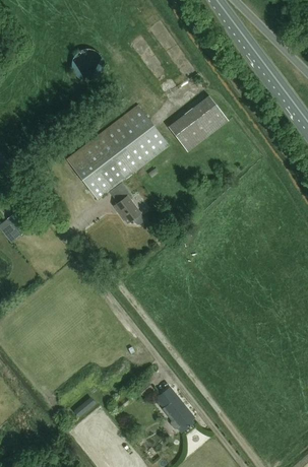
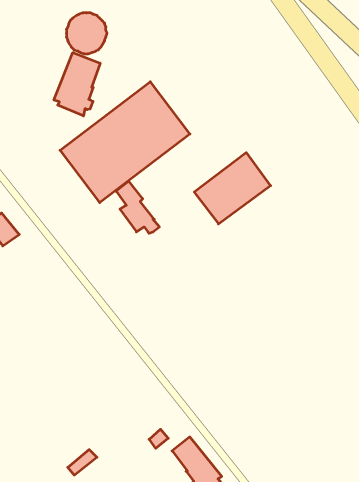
building: none -> [54,53,100,116]
building: [168,94,229,151] -> [194,153,271,224]

